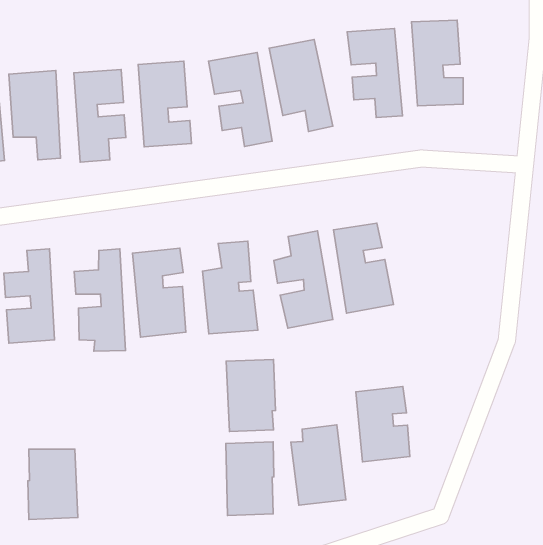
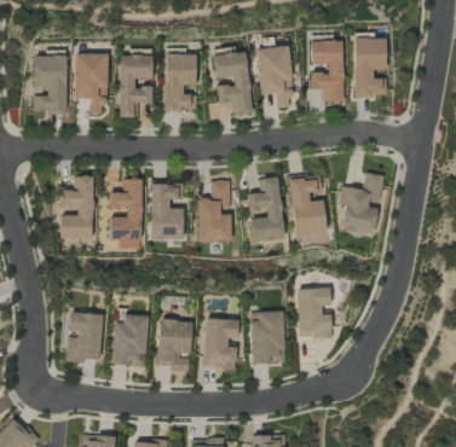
building: none -> [337,172,383,234]
building: [226,360,276,431] -> [157,319,191,368]
building: none -> [111,314,146,366]

